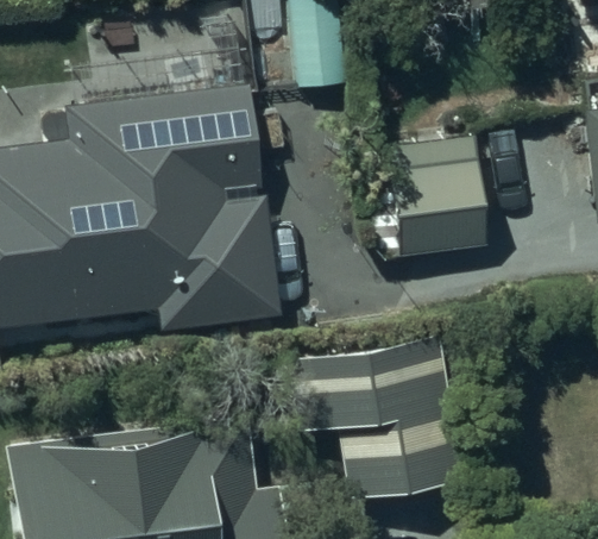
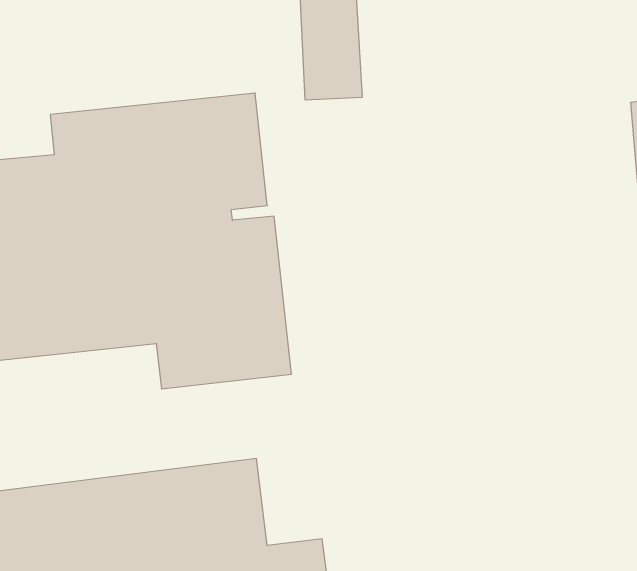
building: [366,139,485,256] -> none
building: [291,331,483,497] -> none

